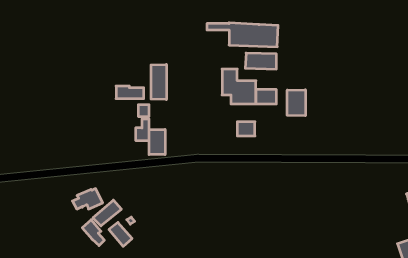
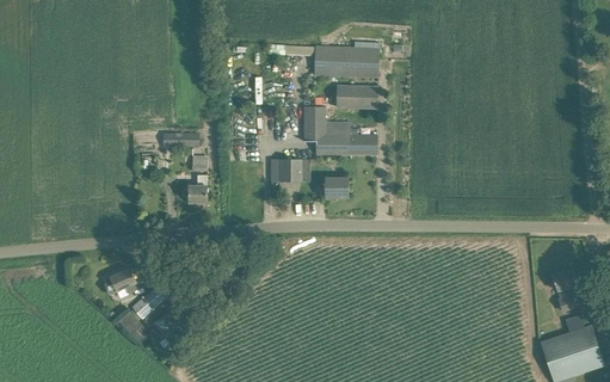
building: [151,64,166,100] -> none
building: [287,90,305,116] -> none
building: none -> [270,160,300,181]
building: [149,129,165,155] -> none

